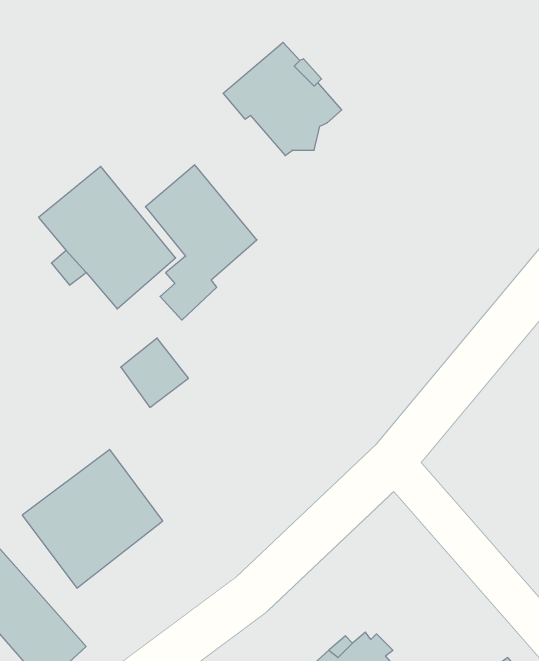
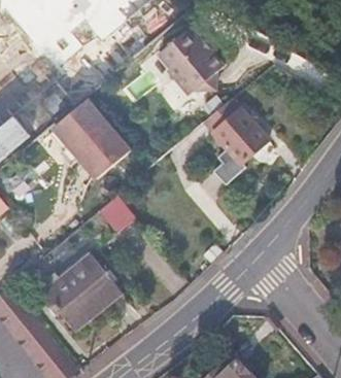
building: [145,165,257,320] -> [204,98,267,185]

